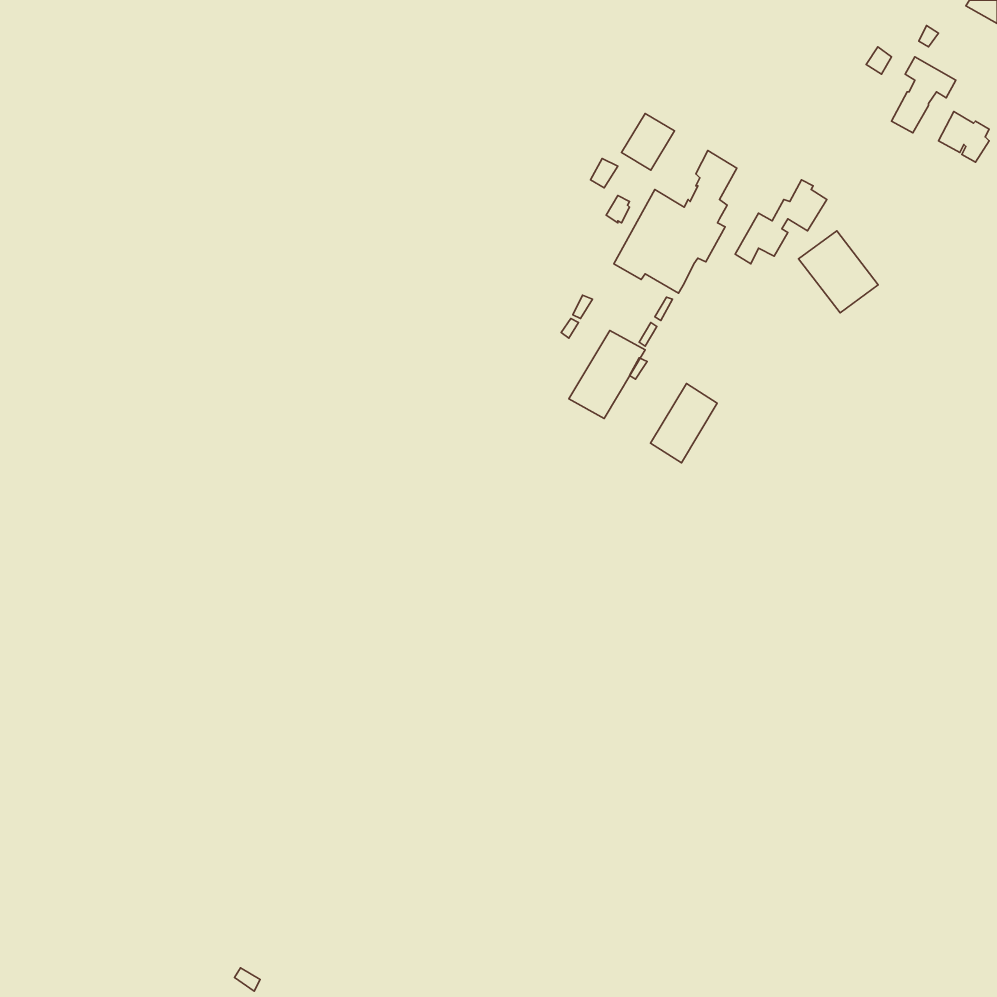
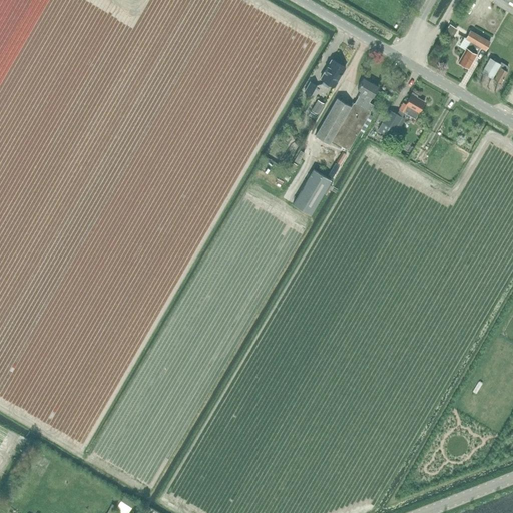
building: [799,231,878,313] -> none
building: [651,383,717,463] -> none

